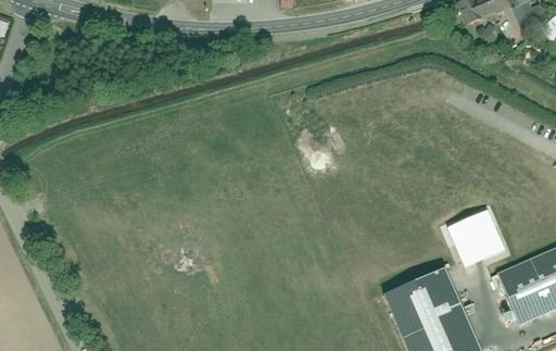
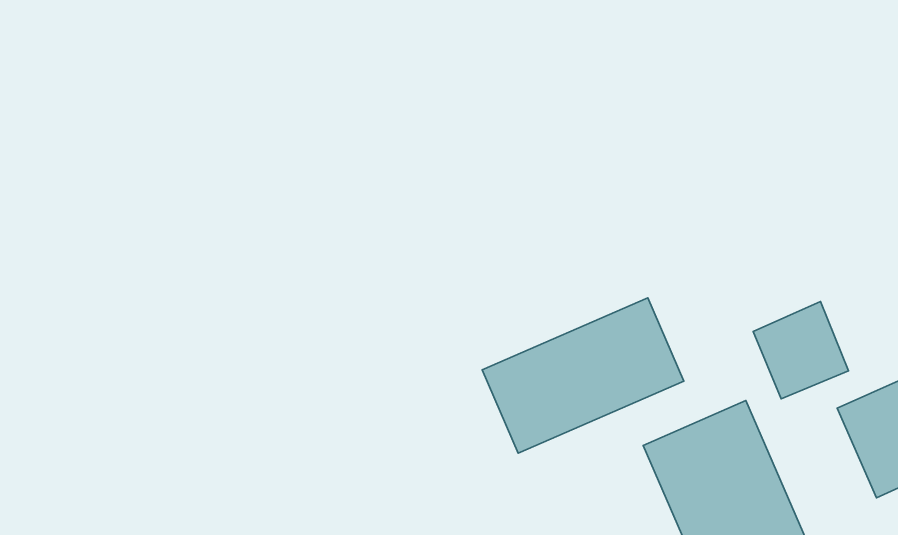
building: none -> [482,298,684,453]

